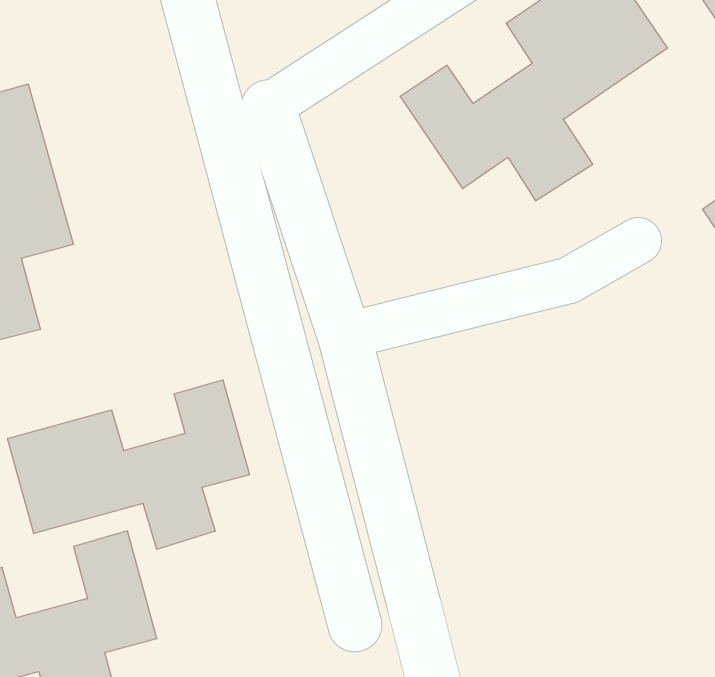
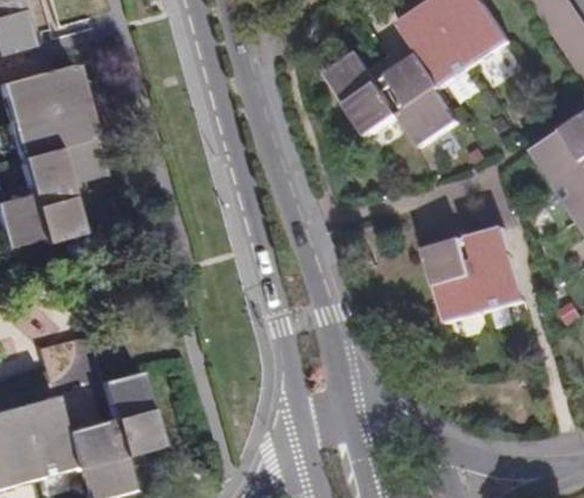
building: none -> [428,225,527,320]
building: [7,380,249,549] -> none

